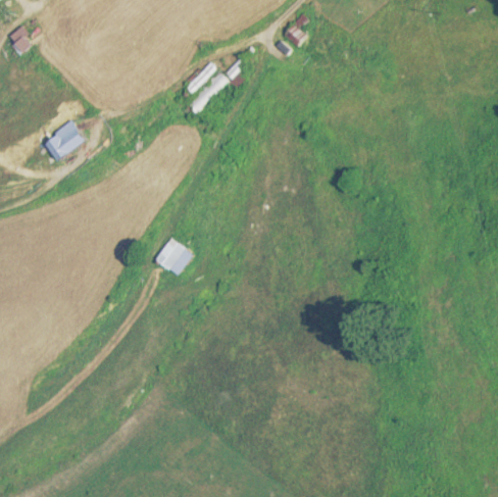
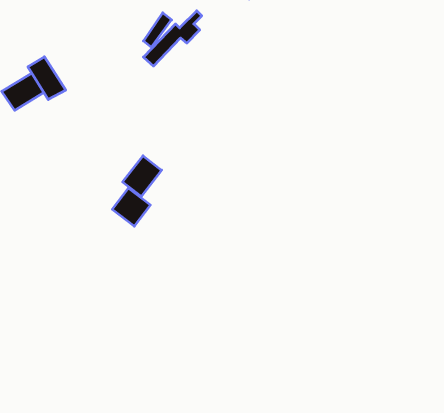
building: none -> [28,57,66,100]
building: none -> [123,156,162,196]

